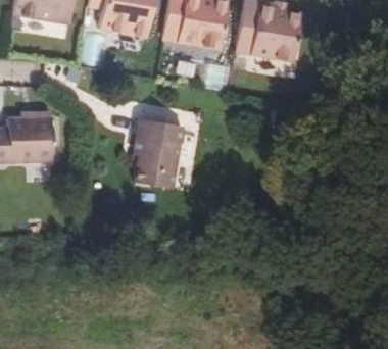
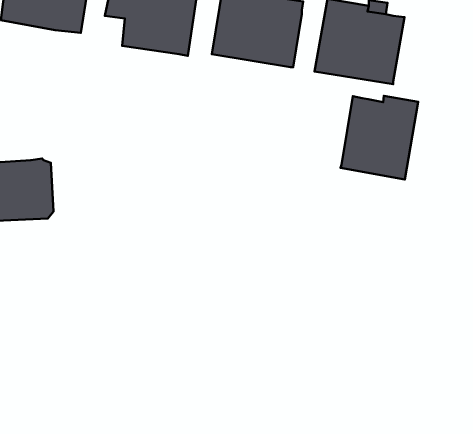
building: none -> [340,96,418,180]
building: [127,115,177,181] -> none

